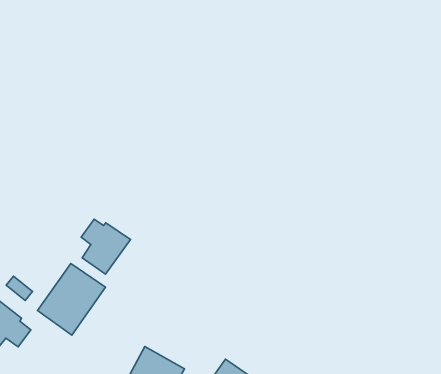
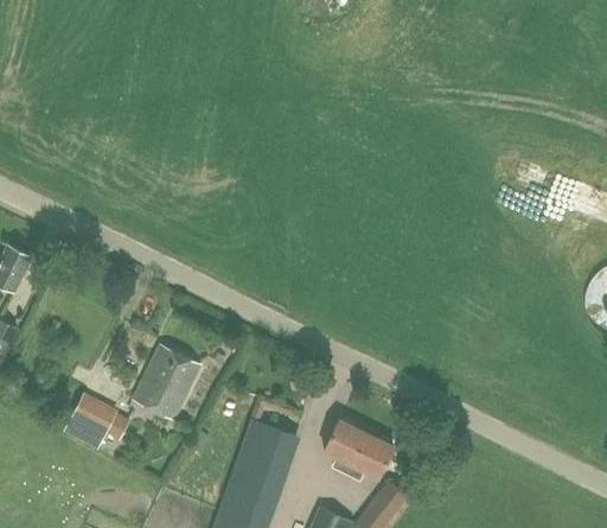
building: [81,219,130,274] -> none

